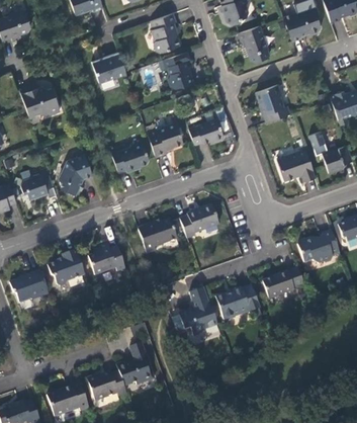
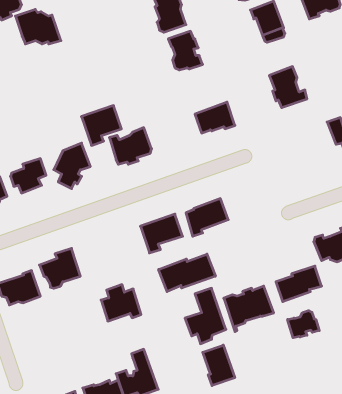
building: [91,50,126,84] -> none
building: [19,84,61,115] -> [15,9,61,44]
building: [147,121,183,158] -> [81,106,121,145]
building: [277,149,316,182] -> none
building: [88,242,124,275] -> [101,285,141,321]
building: none -> [159,254,215,292]
building: none -> [288,311,319,338]
building: none -> [203,345,235,386]

